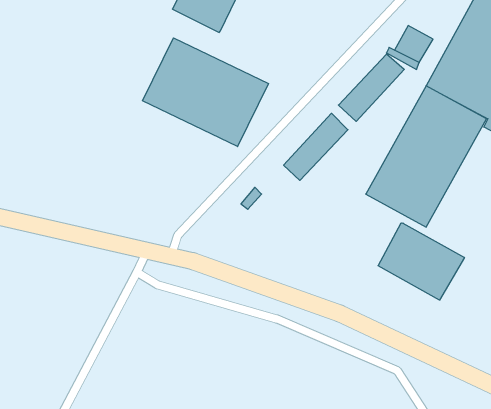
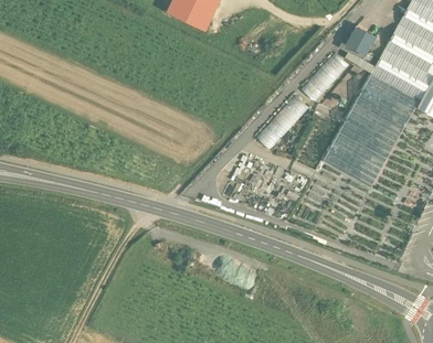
building: [143,38,269,147] -> none
building: [378,223,464,300] -> none

